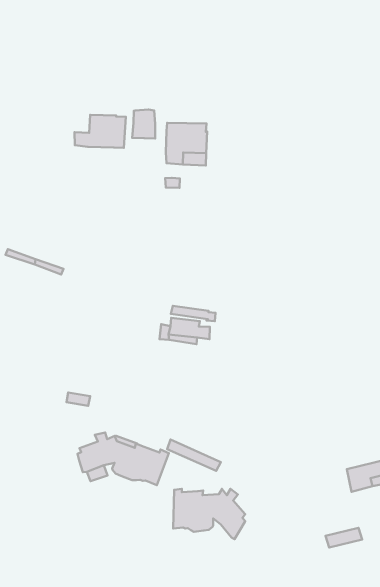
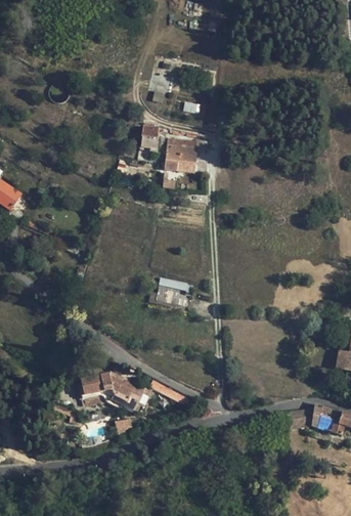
building: [74,115,126,148] -> none
building: [173,489,245,539] -> none

